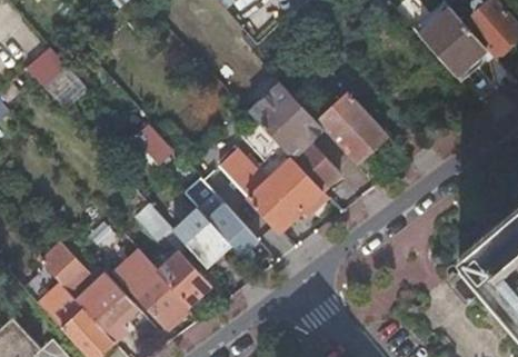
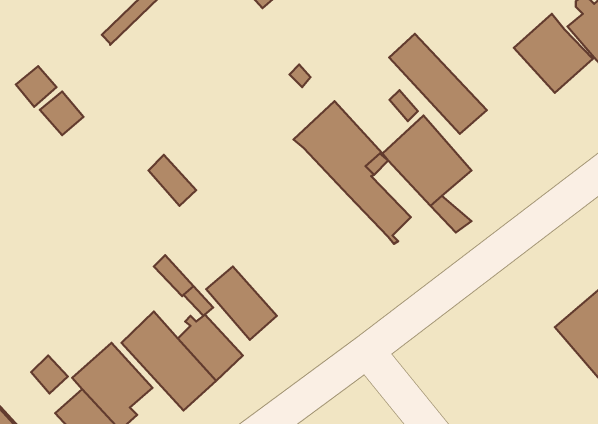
building: none -> [389,34,487,134]
building: [220,119,330,230] -> none
building: [185,177,258,259] -> none
building: [42,241,92,292] -> none

